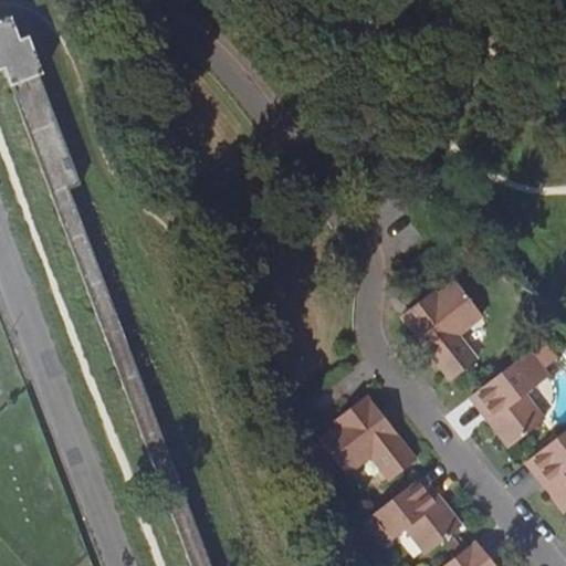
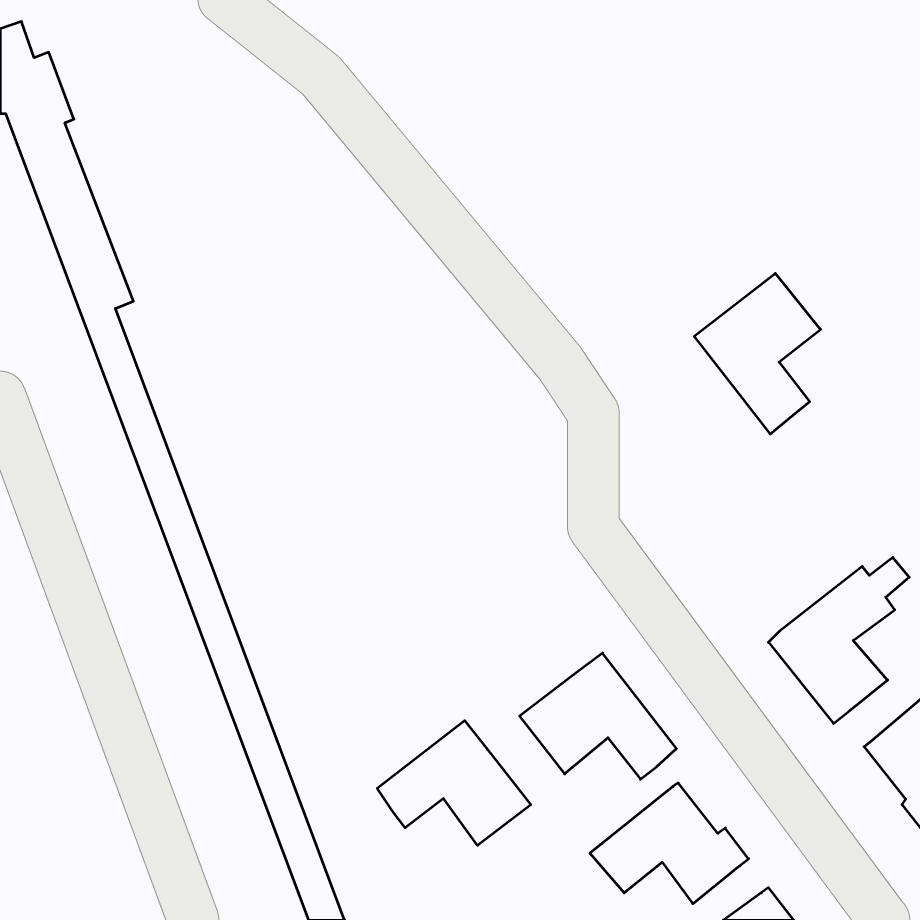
building: [406,280,483,378] -> [694,273,821,434]
building: none -> [377,721,531,845]

